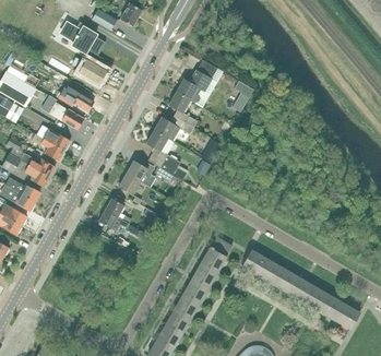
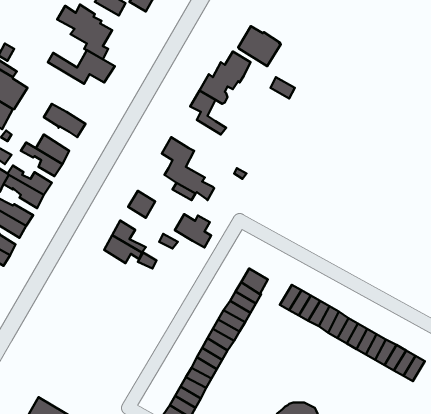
building: none -> [238,26,281,66]
building: [58,85,94,112] -> none
building: [153,116,193,142] -> none
building: [126,161,155,188] -> [175,214,211,248]

